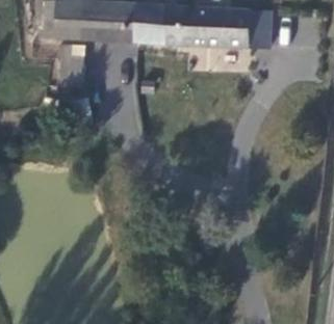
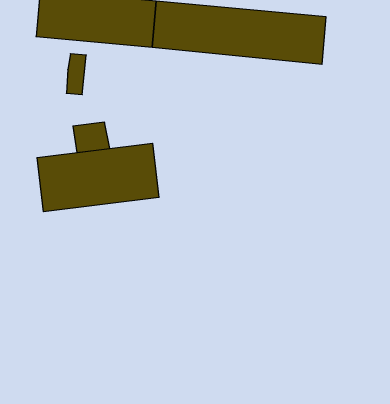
building: none -> [37,143,159,212]

